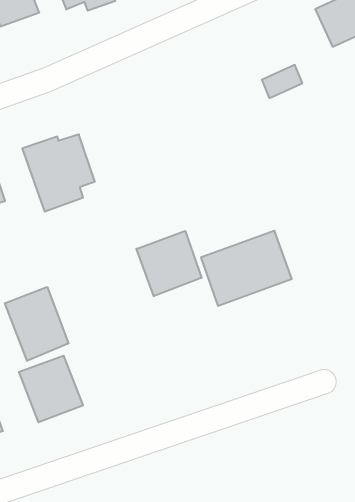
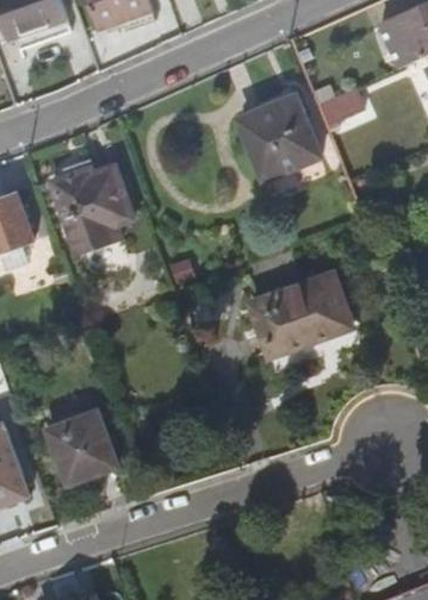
building: none -> [238,95,320,179]
building: [136,231,202,296] -> none
building: [5,287,68,361] -> none

